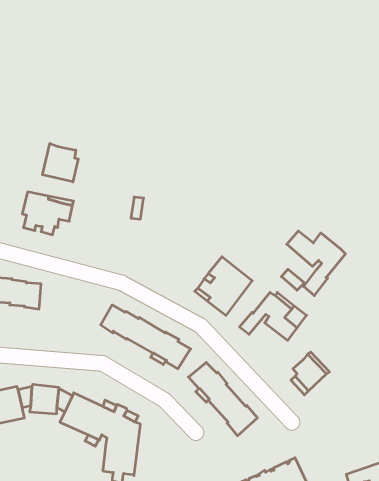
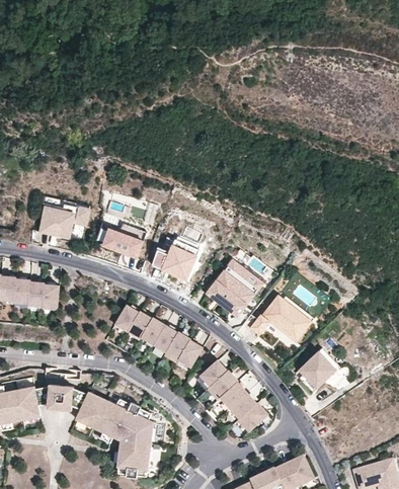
building: [42,143,78,182] -> none
building: none -> [102,229,142,258]
building: [287,231,345,296] -> none
building: none -> [151,239,198,280]

